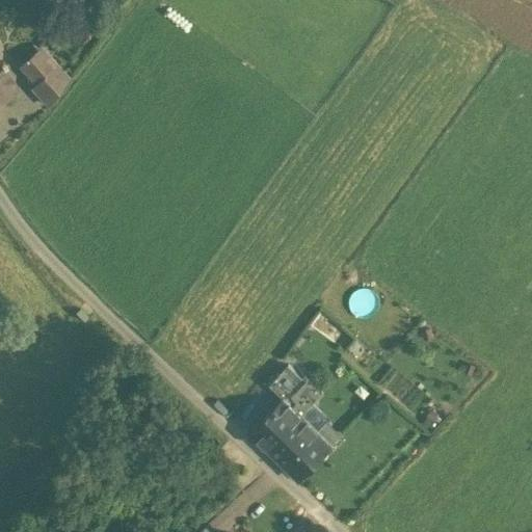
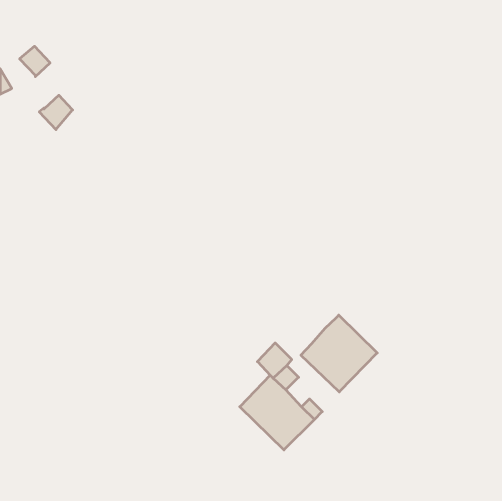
building: [32,68,68,104] -> [39,95,73,130]
building: none -> [301,315,377,392]

